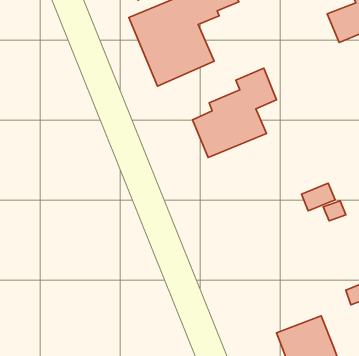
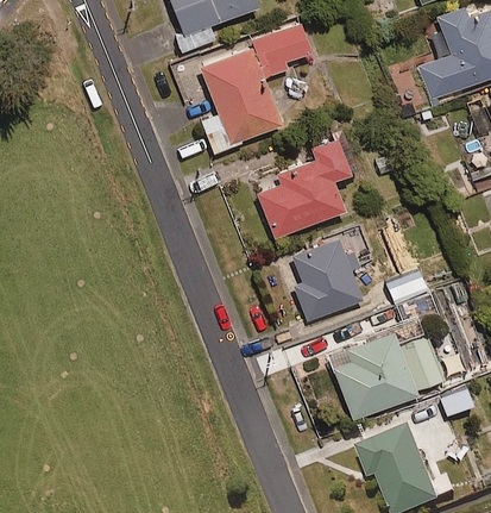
building: none -> [283,238,364,323]
building: none -> [329,331,445,419]

